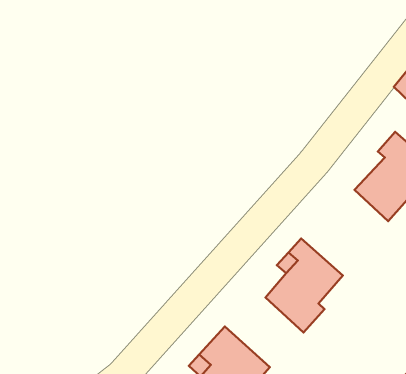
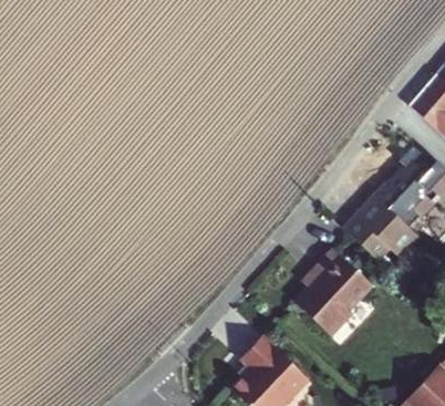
building: none -> [352,201,423,264]

